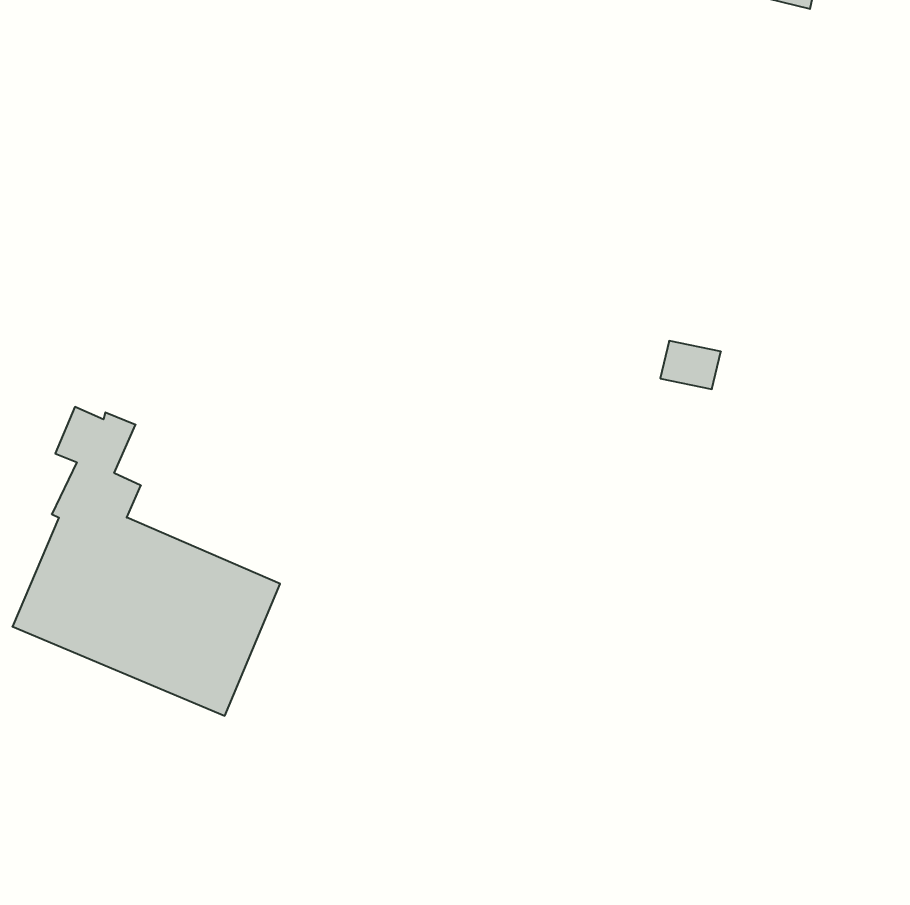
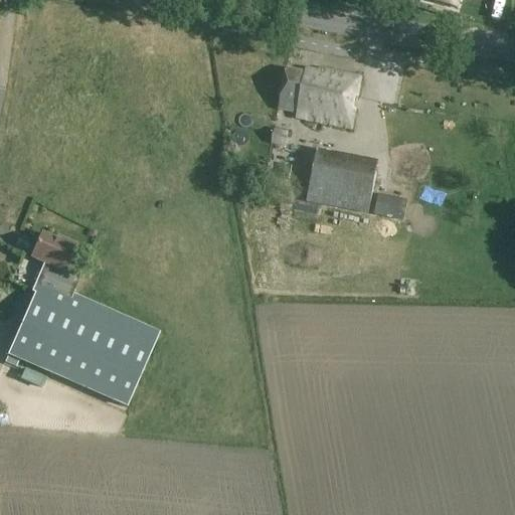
building: none -> [277,65,359,125]
building: none -> [307,154,376,211]

